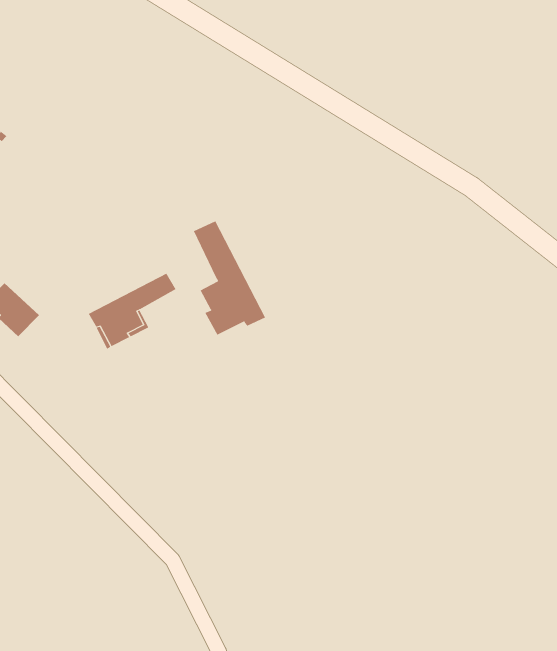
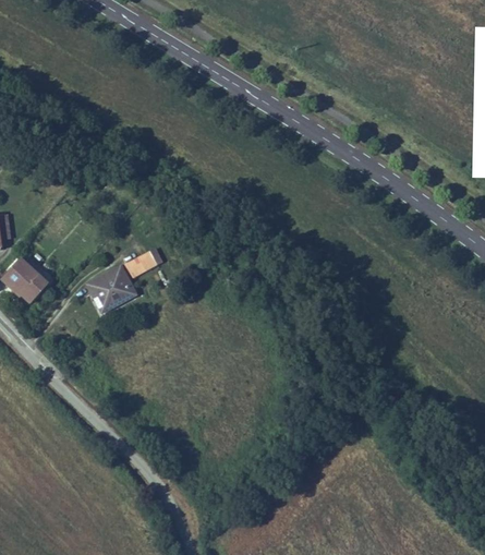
building: [193,220,266,336] -> none

